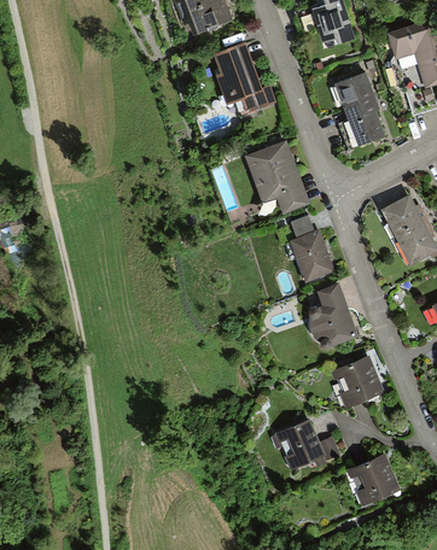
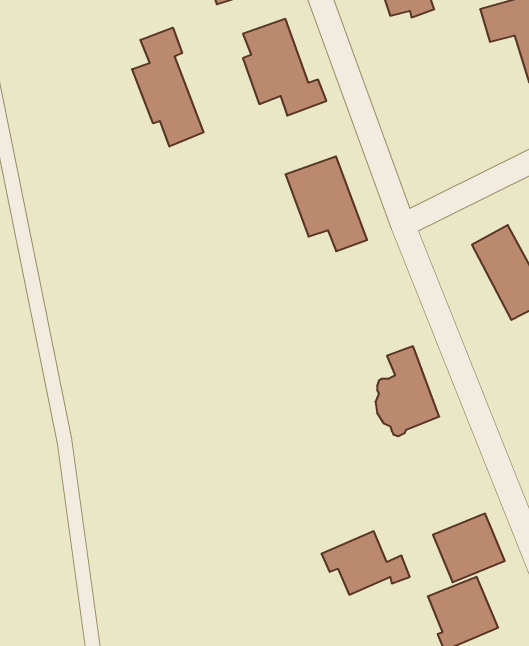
building: none -> [132,28,204,147]
building: [334,71,385,145] -> none
building: [290,216,334,280] -> none
building: [330,356,383,406] -> [433,514,505,582]

